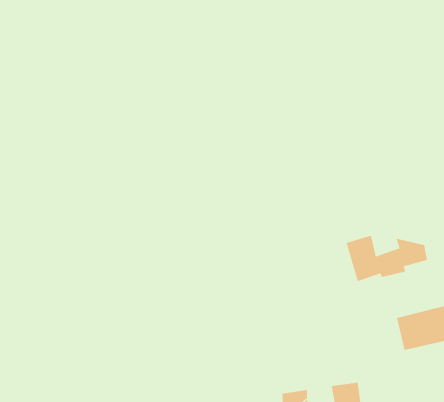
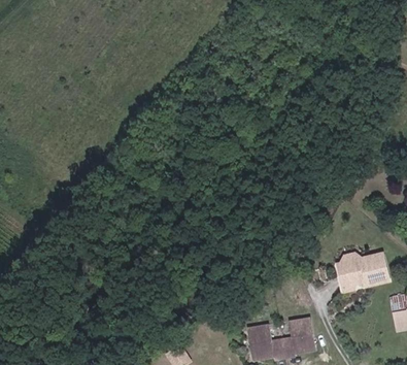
building: [346,235,428,282] -> none

